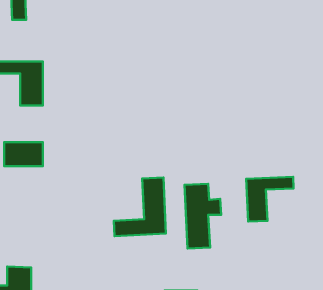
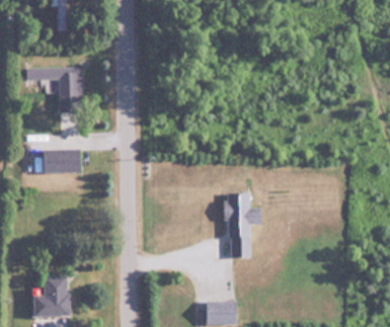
building: [246,177,294,222] -> none
building: [114,177,166,236] -> none

